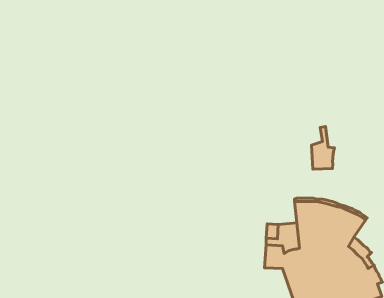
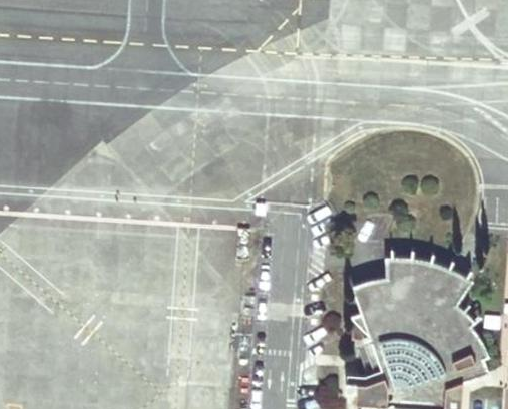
building: [311,126,334,169] -> none

